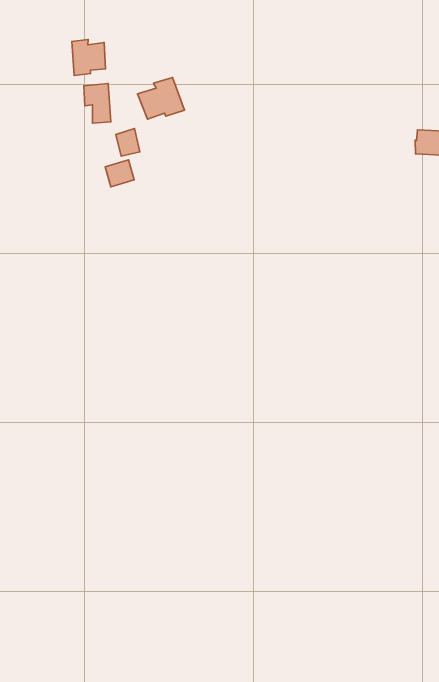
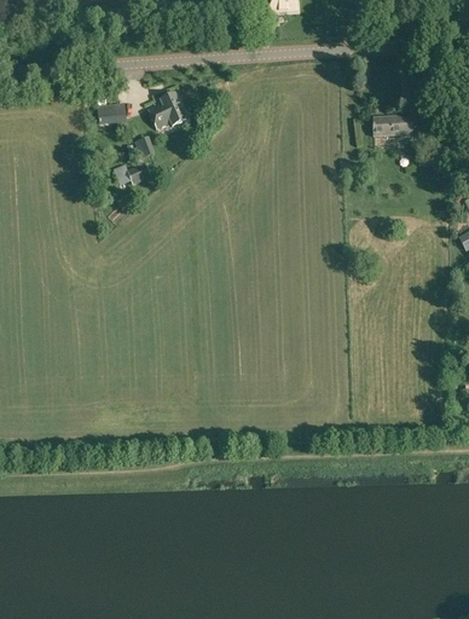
building: [72,39,105,75] -> none

